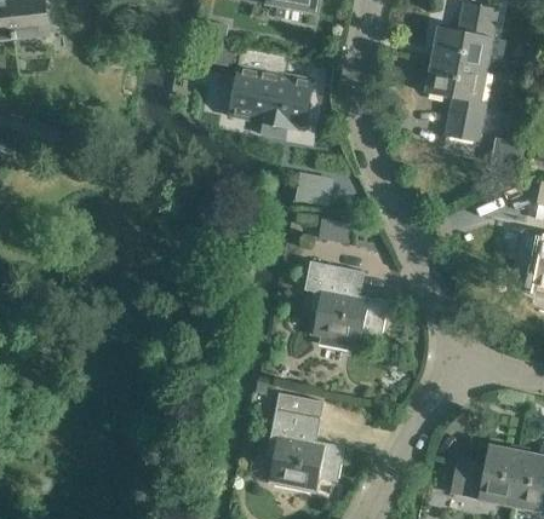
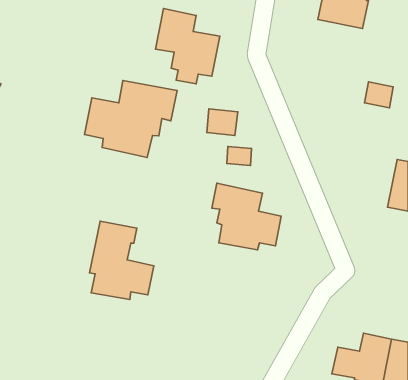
building: [426,60,487,142] -> none
building: none -> [85,81,177,157]
building: [265,393,344,489] -> [89,221,154,300]

